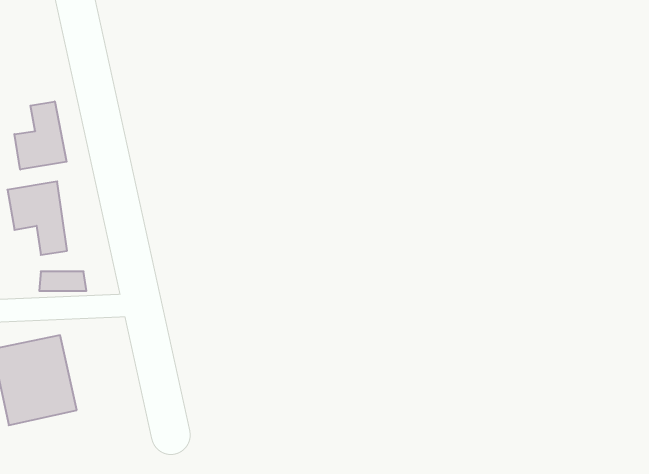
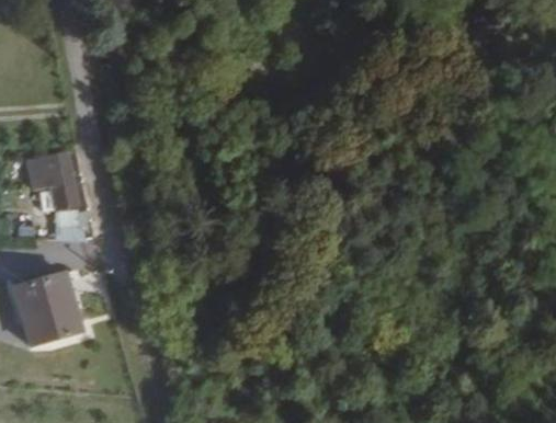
building: [14,101,67,170] -> none

